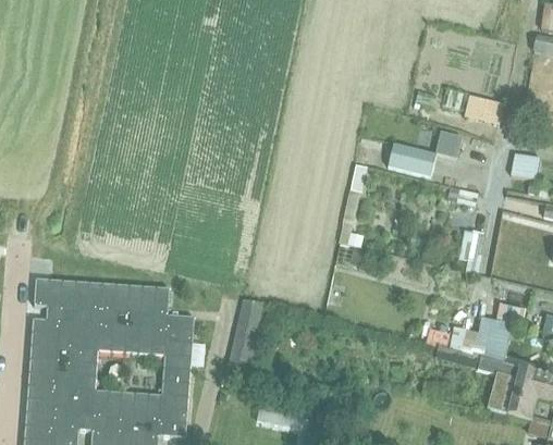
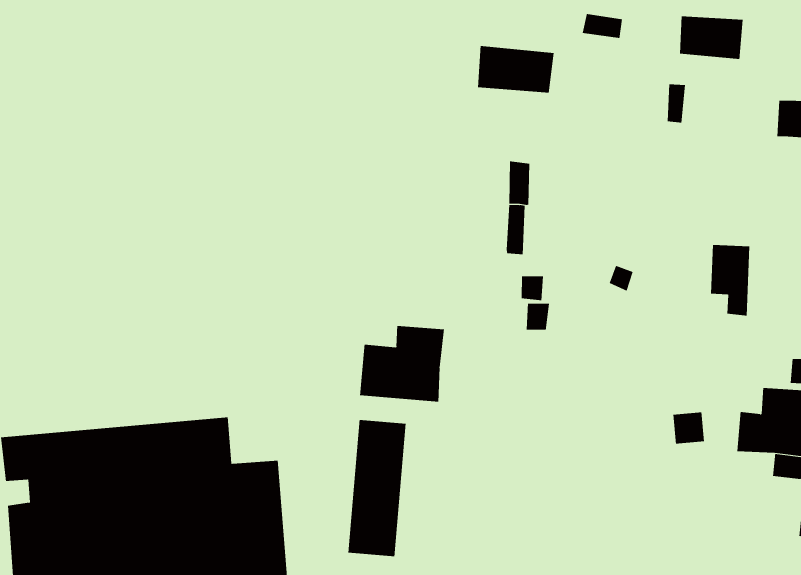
building: [388,144,435,177] -> [477,45,555,93]
building: none -> [359,325,445,403]

